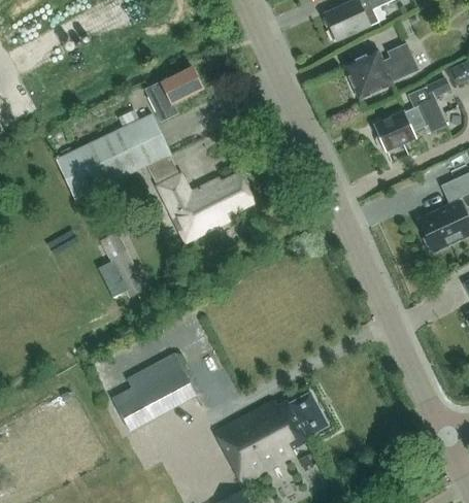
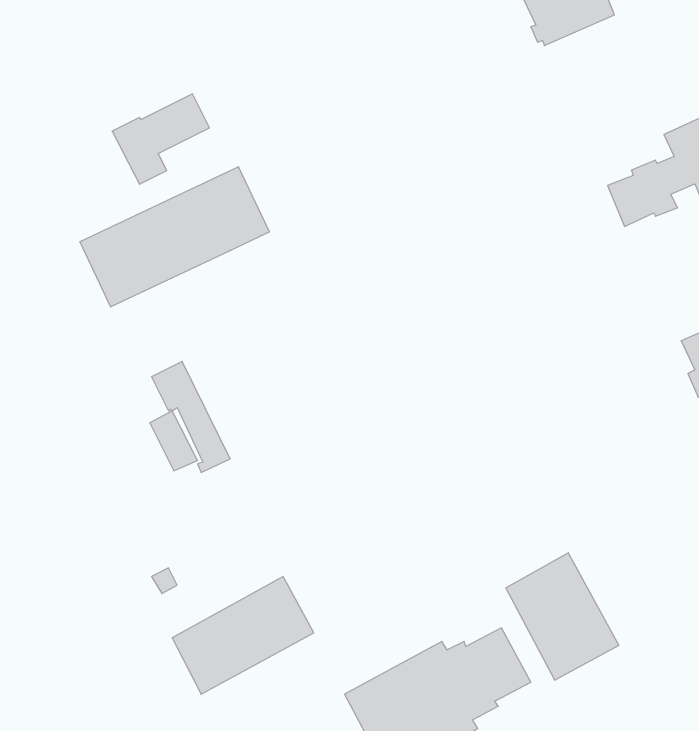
building: [345,42,418,96] -> none
building: [144,67,203,122] -> [112,94,209,184]
building: [146,154,253,241] -> none
building: none -> [506,553,619,680]

